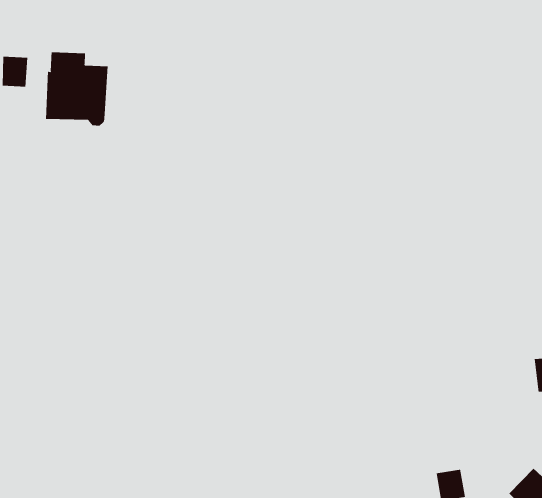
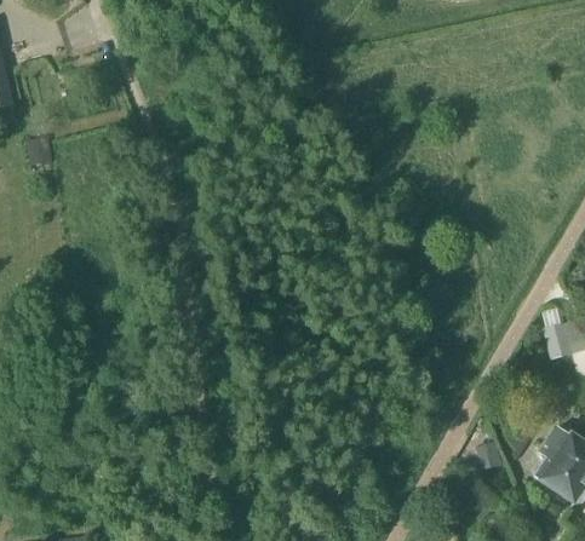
building: [45,52,108,127] -> none

